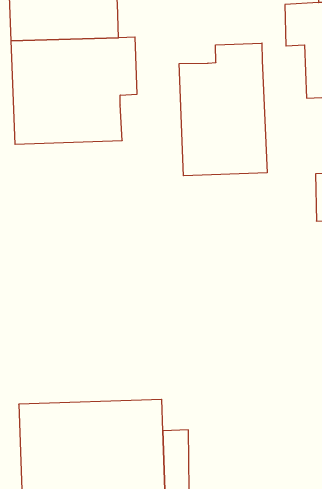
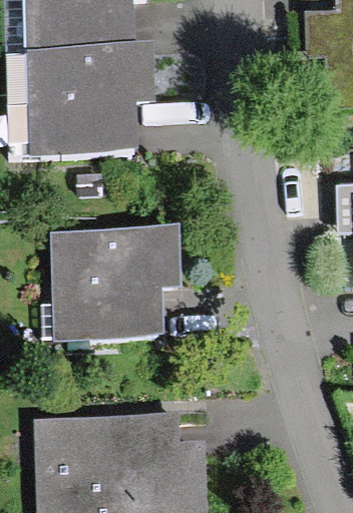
building: [179,43,267,176] -> none
building: none -> [51,227,183,339]

